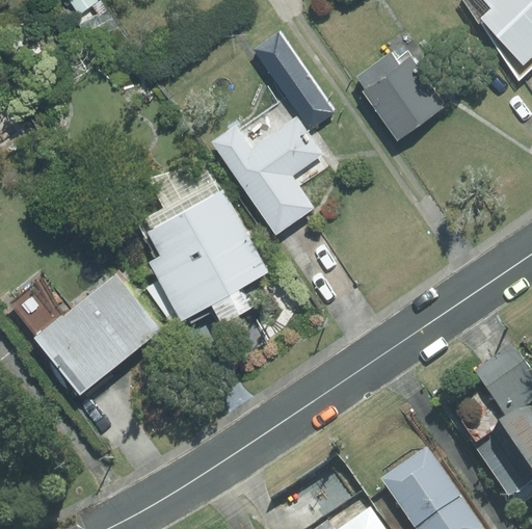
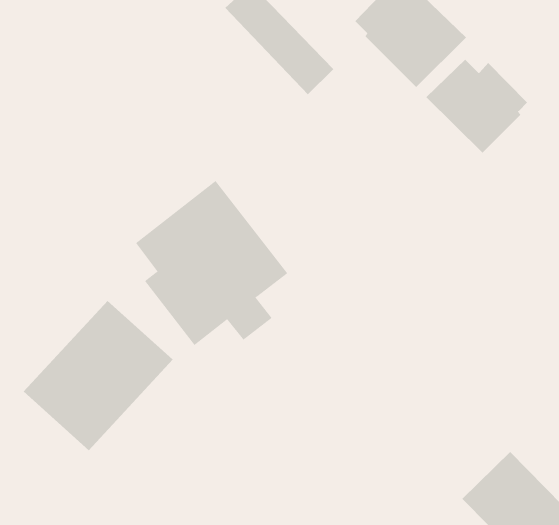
building: [211,116,321,234] -> none
building: none -> [425,59,528,154]

